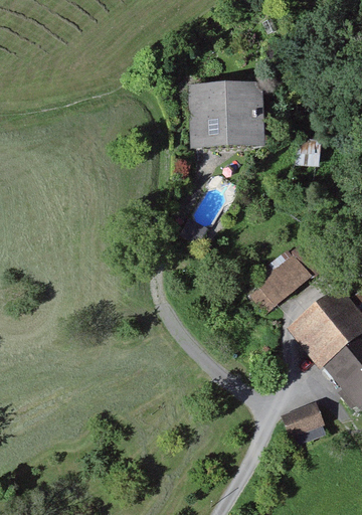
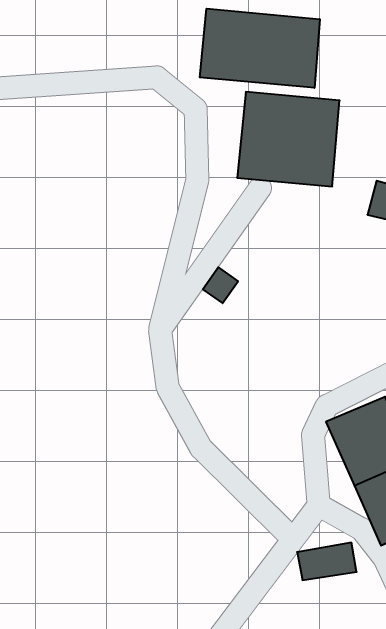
building: none -> [200,9,320,88]
building: [249,251,314,310] -> none

